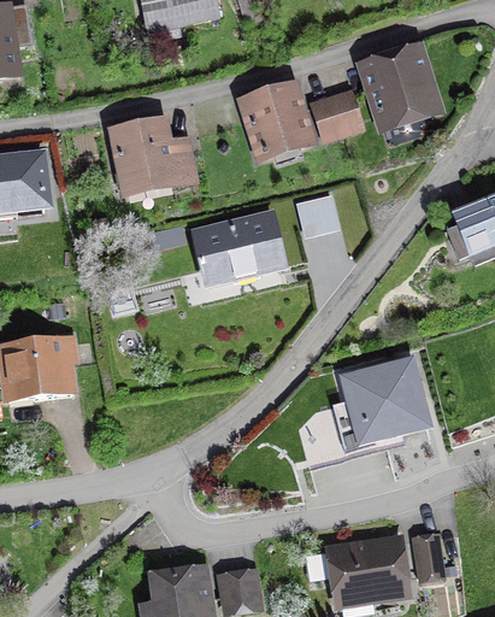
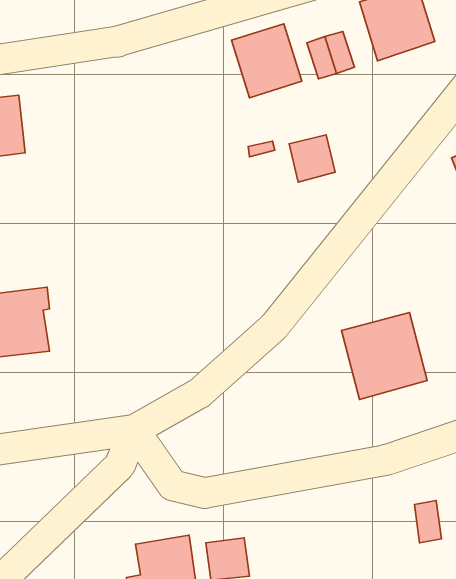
building: [111,119,193,183] -> none
building: [196,216,279,282] -> none
building: [330,539,403,601] -> none

